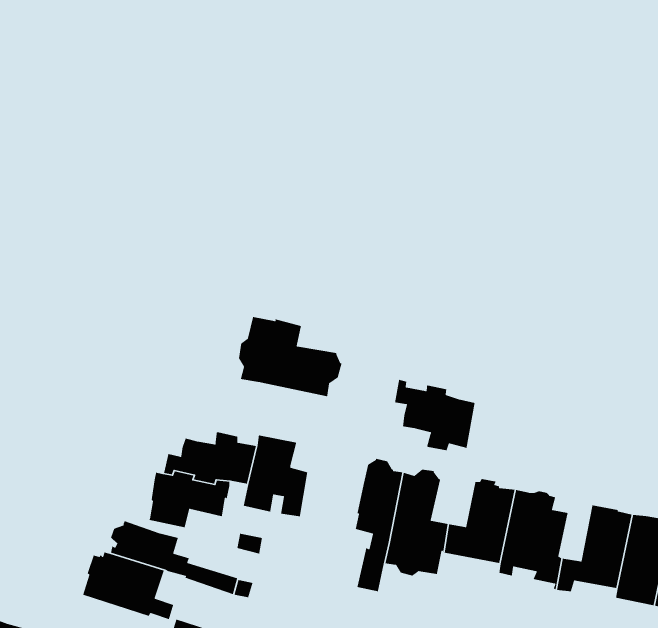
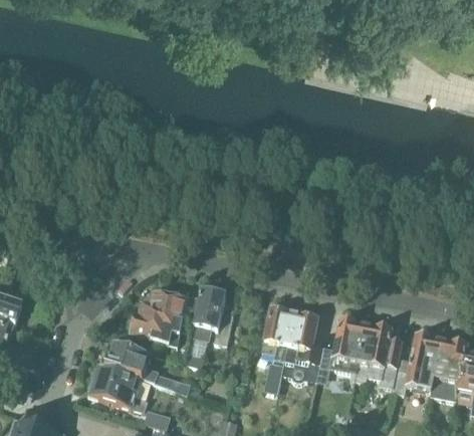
building: [238,316,342,397] -> none
building: [394,379,475,451] -> none

